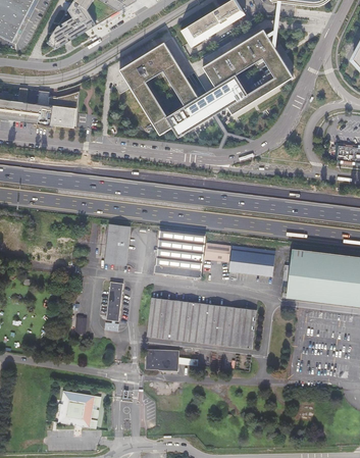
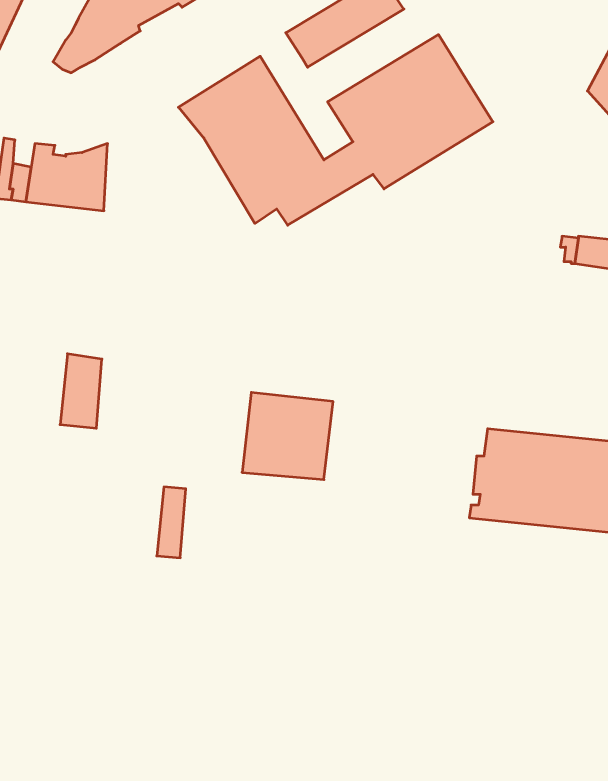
building: [105,224,128,266] -> [60,354,102,428]
building: [228,246,276,277] -> none
building: [147,299,256,349] -> none
building: [146,351,177,370] -> none
building: [57,390,100,427] -> none

